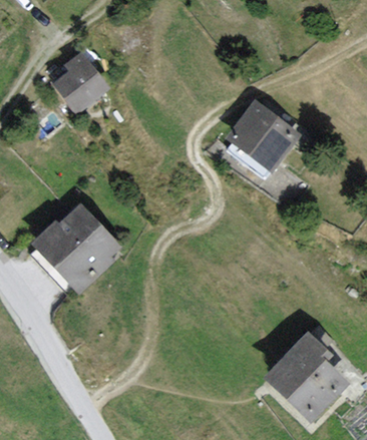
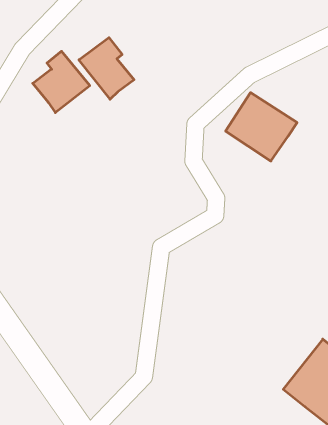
building: none -> [79,38,134,99]
building: [37,206,116,286] -> none

